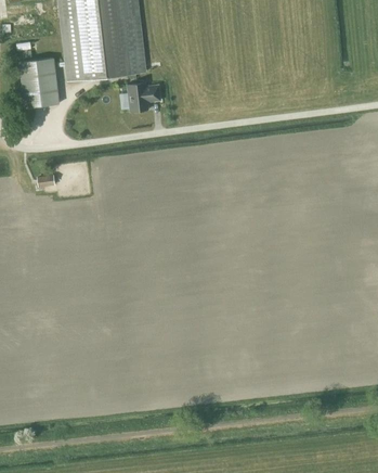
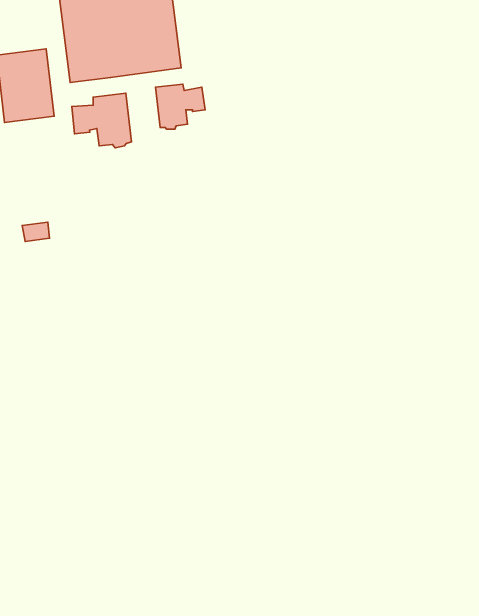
building: none -> [72,93,132,148]

